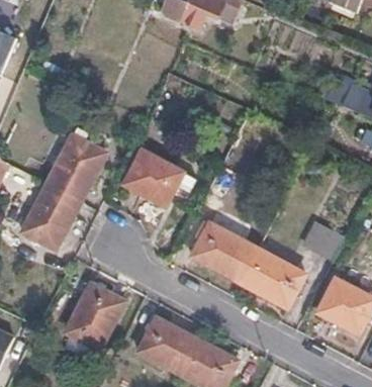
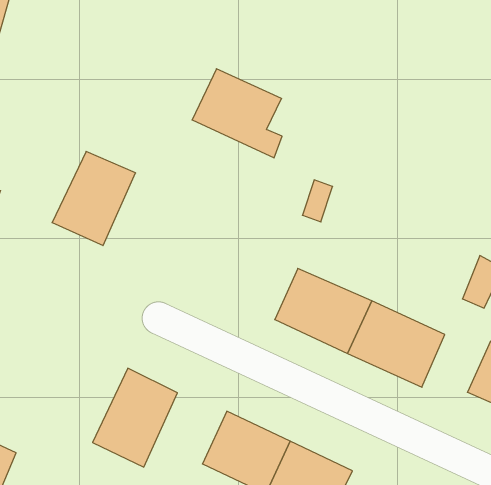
building: [122,150,183,211] -> [192,69,282,158]
building: [21,184,79,248] -> none

